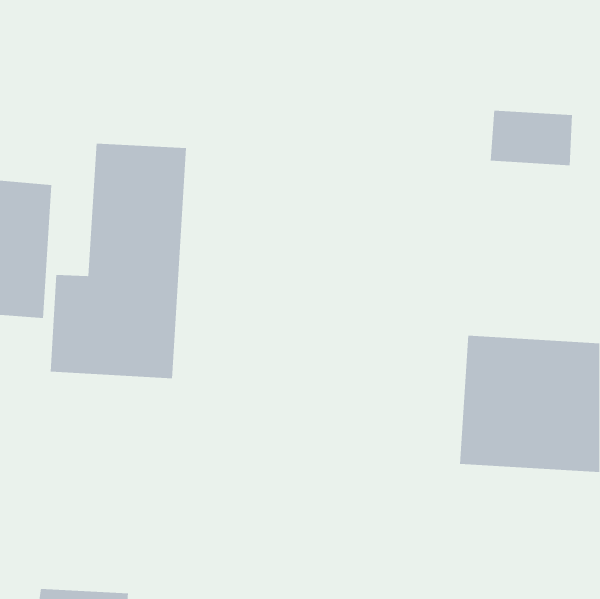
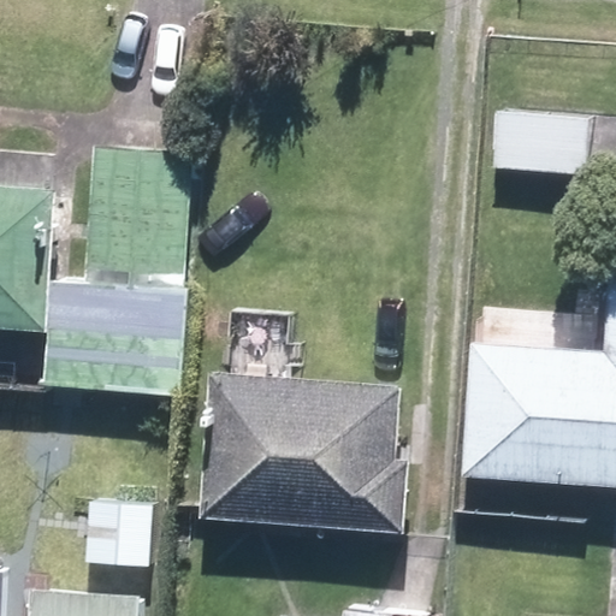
building: none -> [203,375,405,529]

